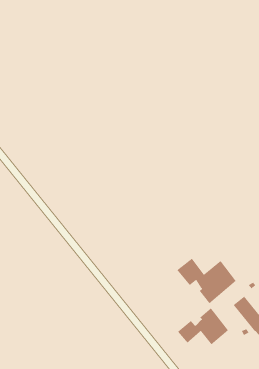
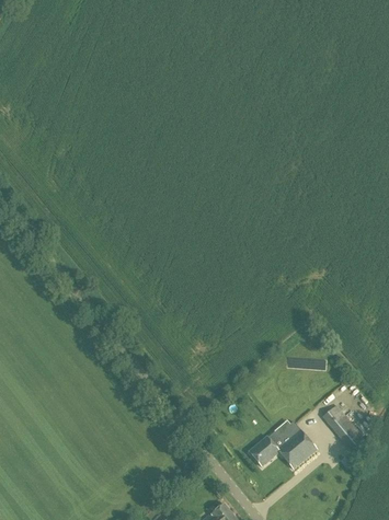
building: [177,258,237,304] -> none

